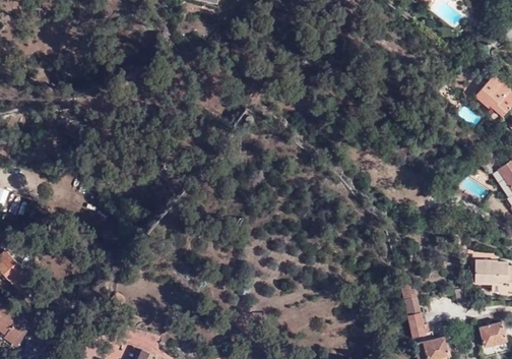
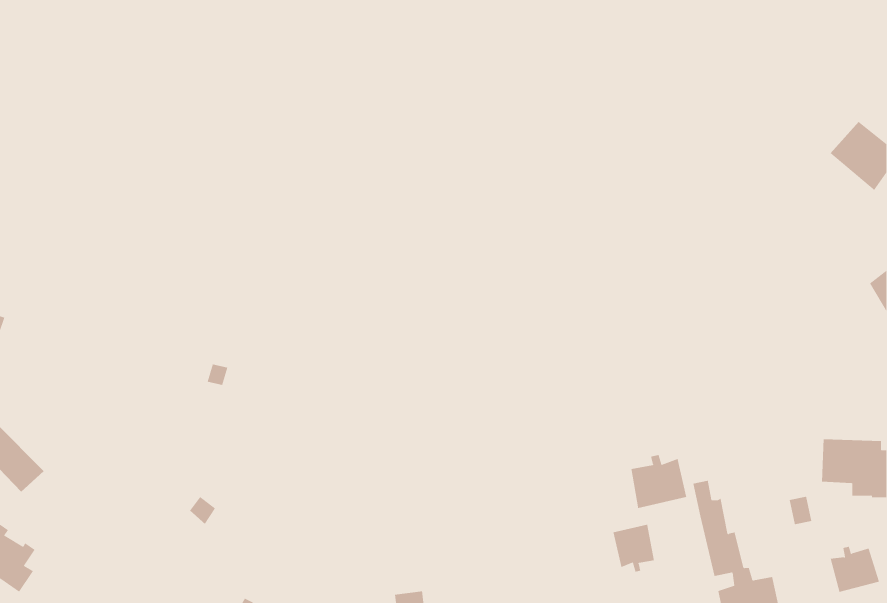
building: none -> [631,454,687,509]
building: none -> [613,524,654,573]

